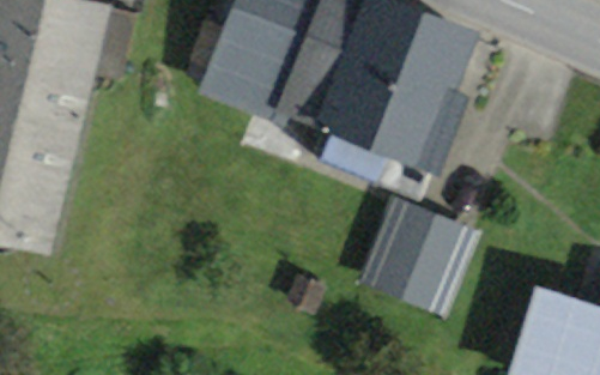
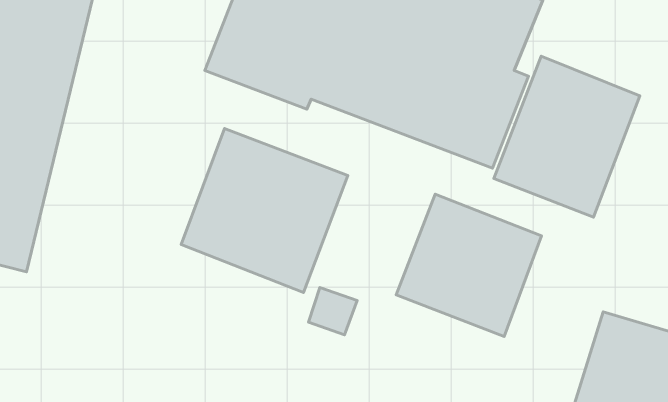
building: none -> [494,56,640,217]
building: none -> [181,129,348,293]

